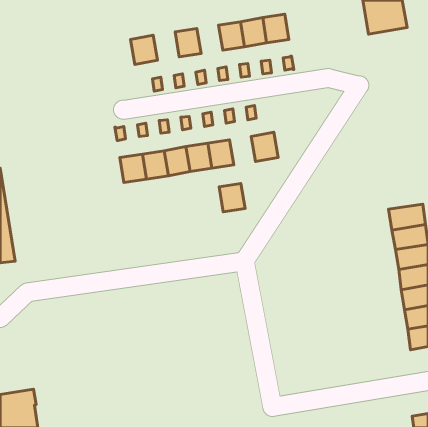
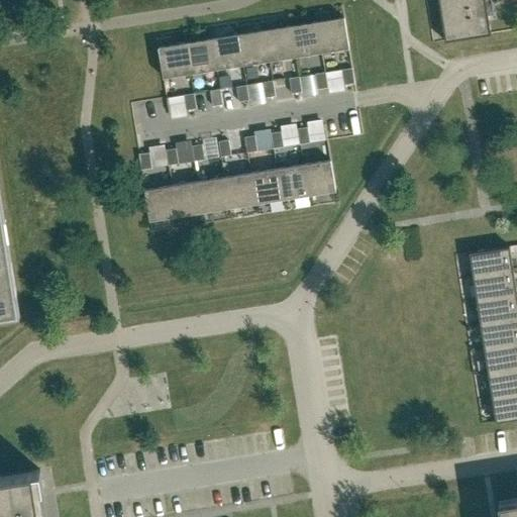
building: none -> [237,31,269,66]
building: none -> [185,39,216,74]
building: [219,183,245,212] -> [277,166,308,200]

